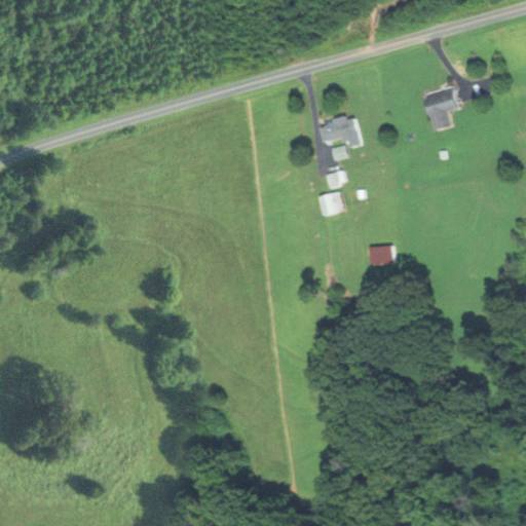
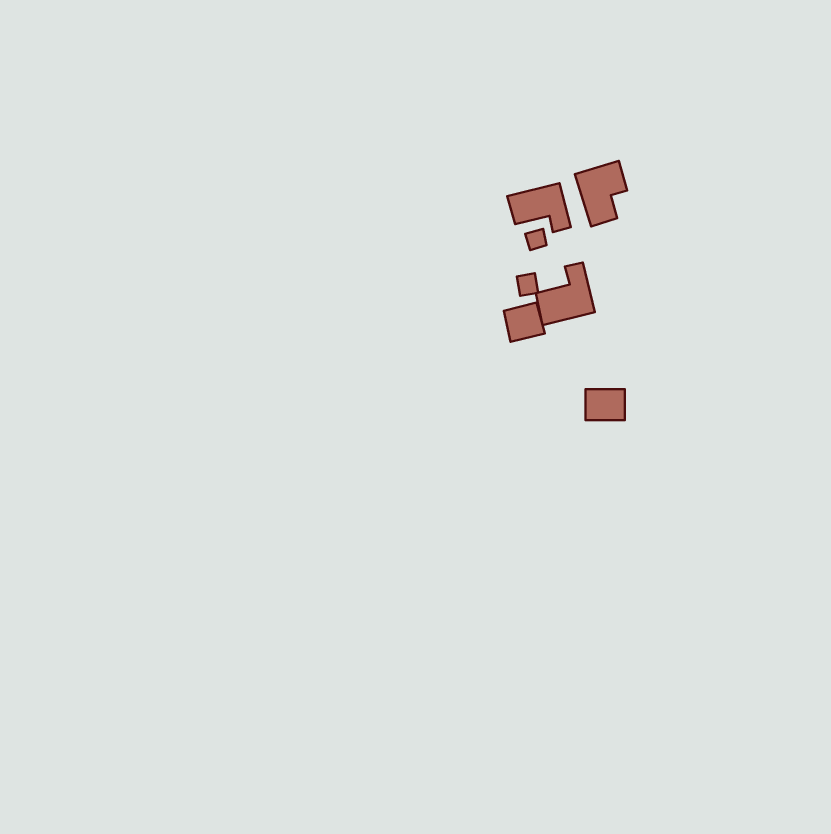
building: [424,89,457,130] -> [575,161,627,226]
building: none -> [536,262,595,325]

